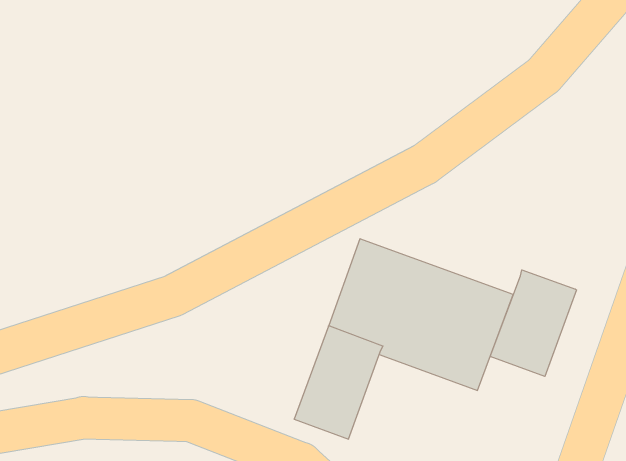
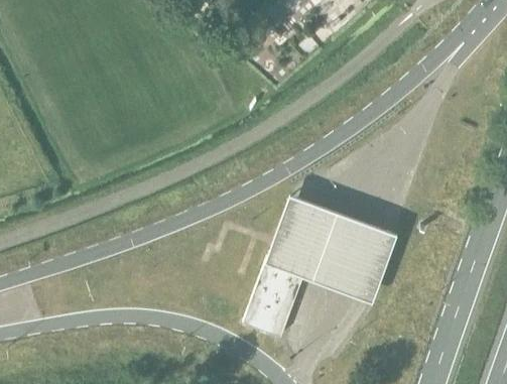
building: [490,270,576,376] -> none

